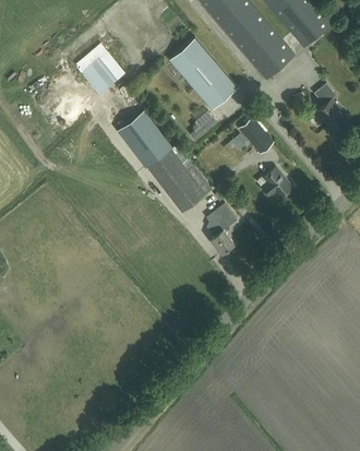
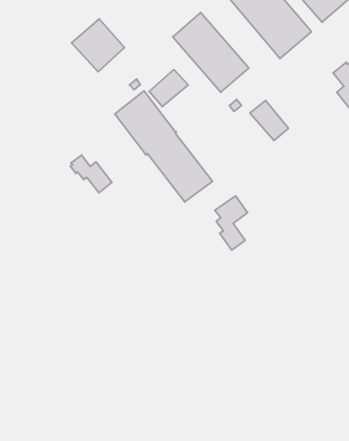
building: none -> [149,70,188,107]
building: none -> [70,155,112,193]
building: [261,168,292,198] -> none

